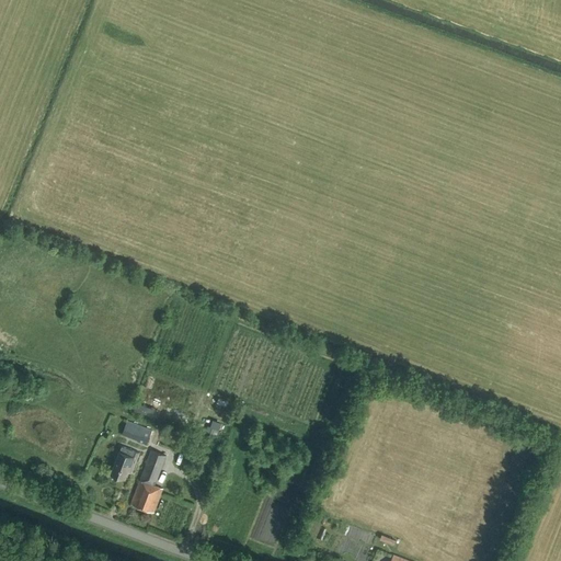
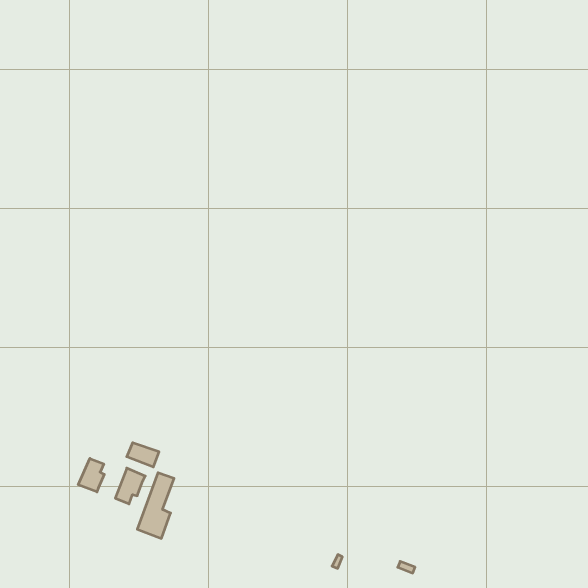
building: none -> [78,458,104,492]

